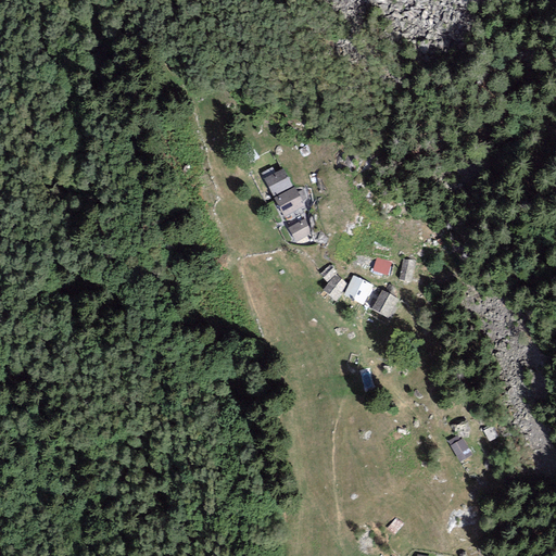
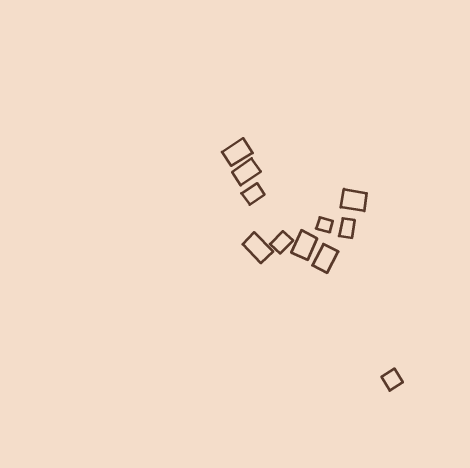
building: none -> [341,189,367,211]
building: none -> [243,232,273,263]

